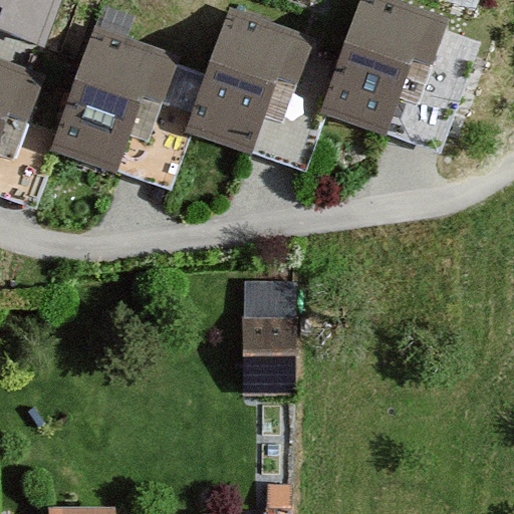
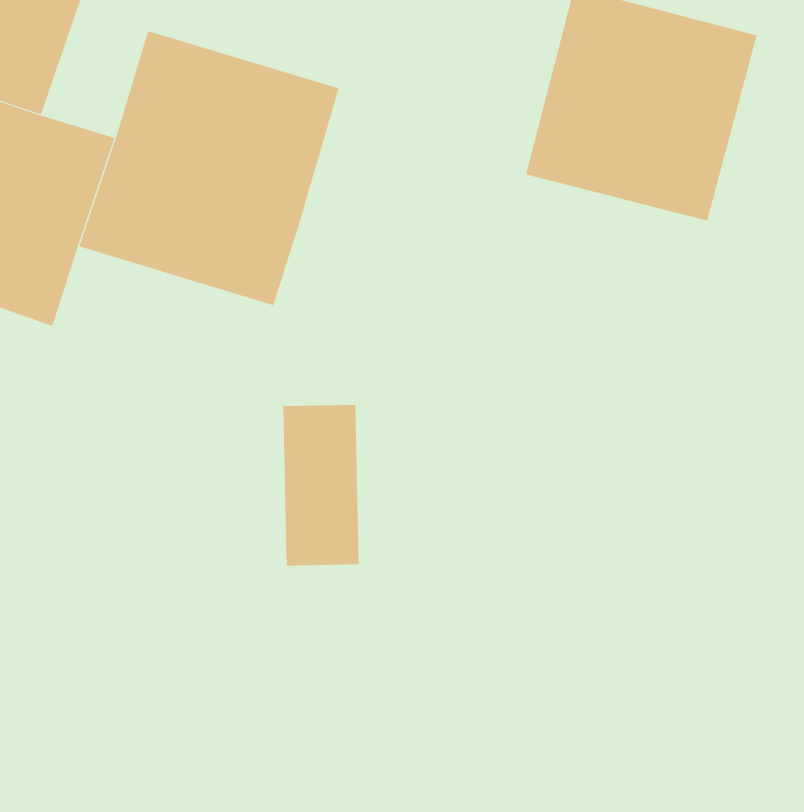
building: [189,5,347,172] -> none
building: [237,281,285,382] -> [283,404,360,566]

